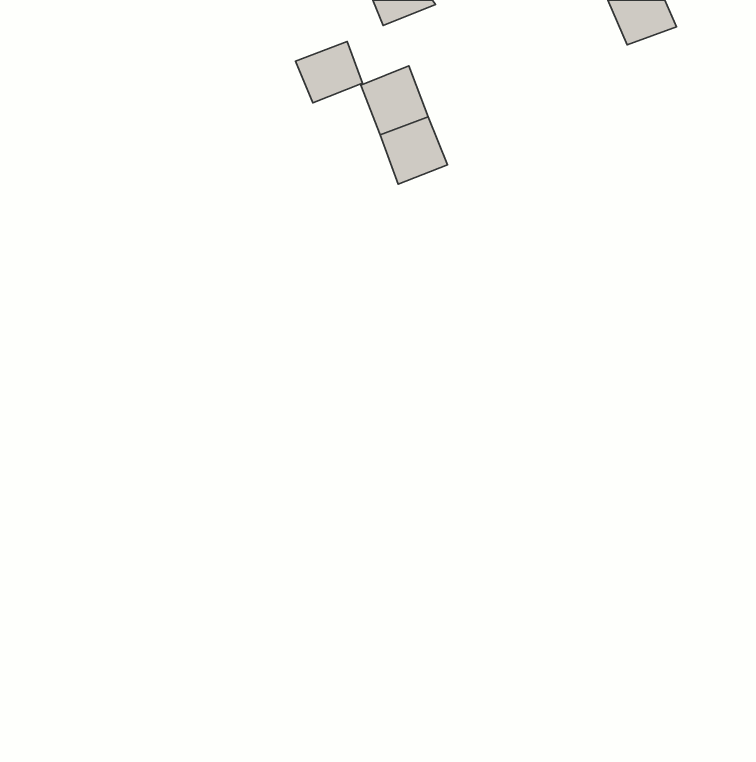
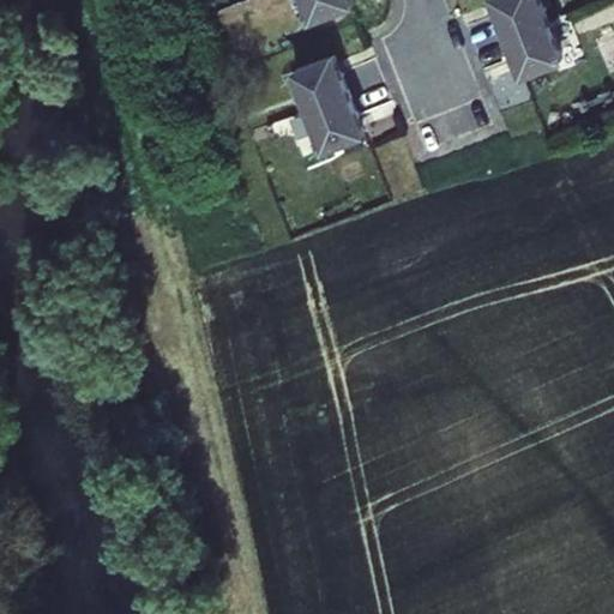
building: none -> [502,24,556,78]
building: [296,41,362,103] -> none

